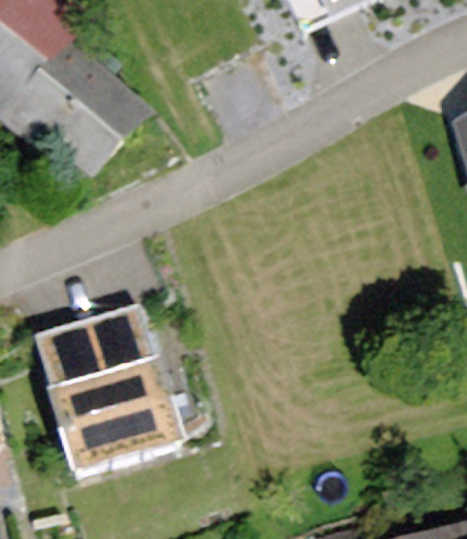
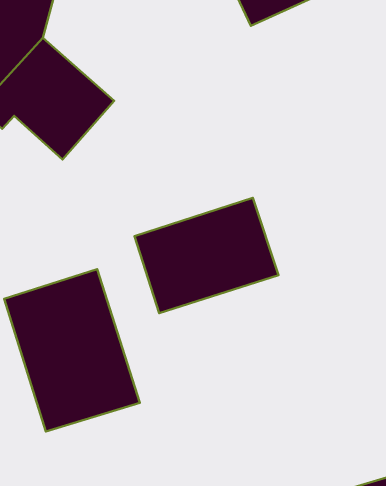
building: none -> [135,198,279,313]

